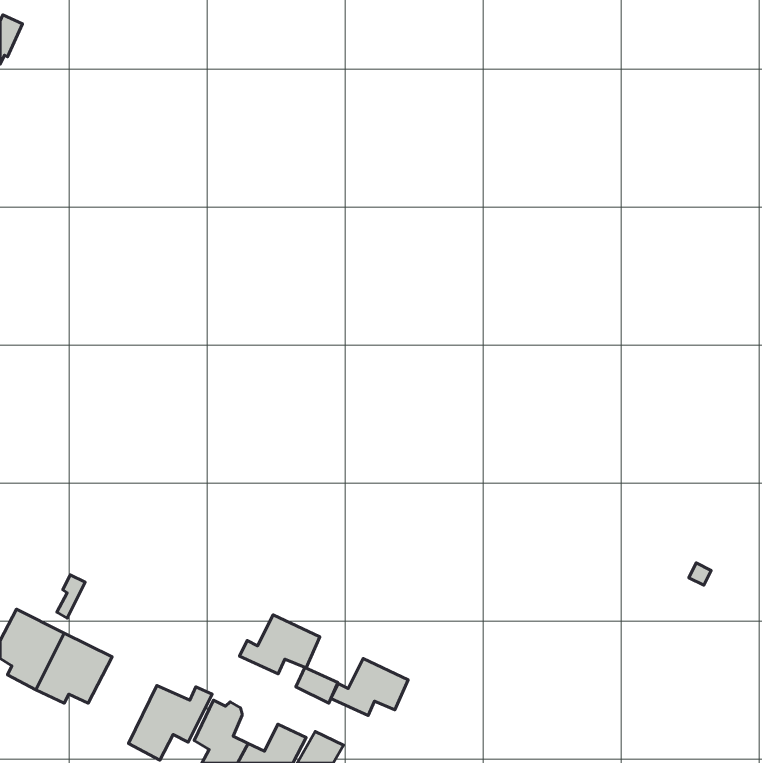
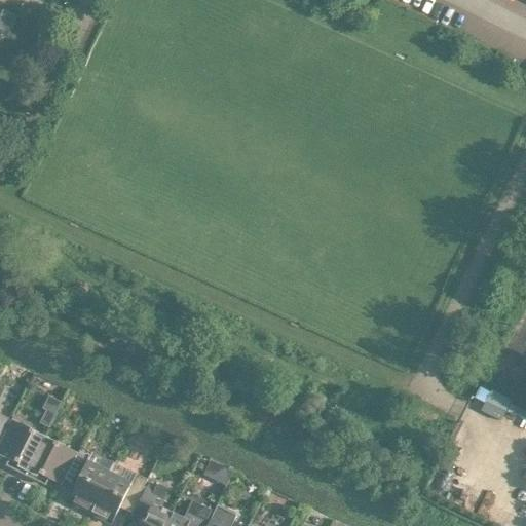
building: [240,615,320,674] -> none
building: none -> [65,445,109,512]
building: [331,659,408,715] -> none

